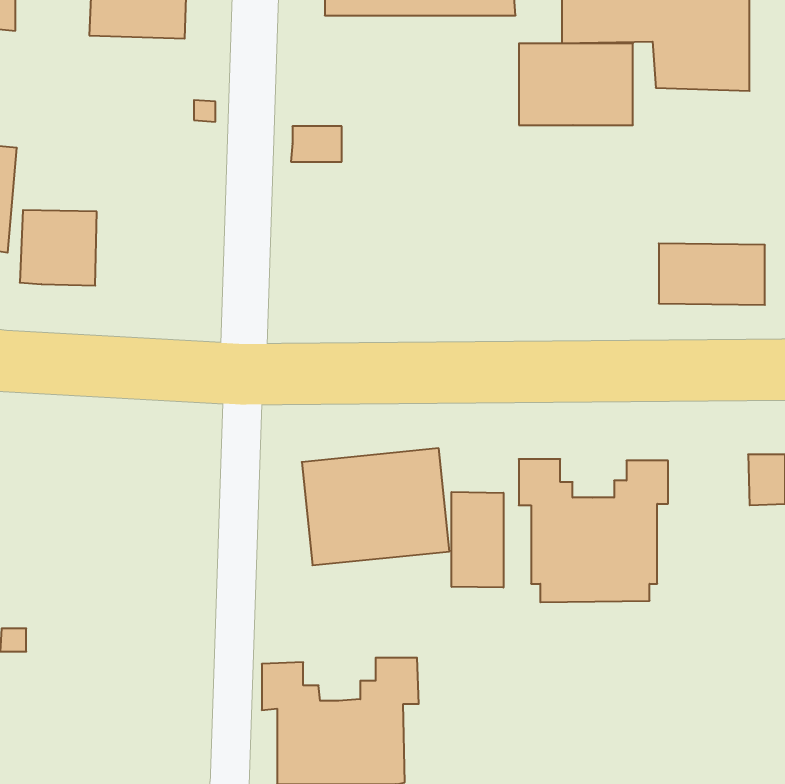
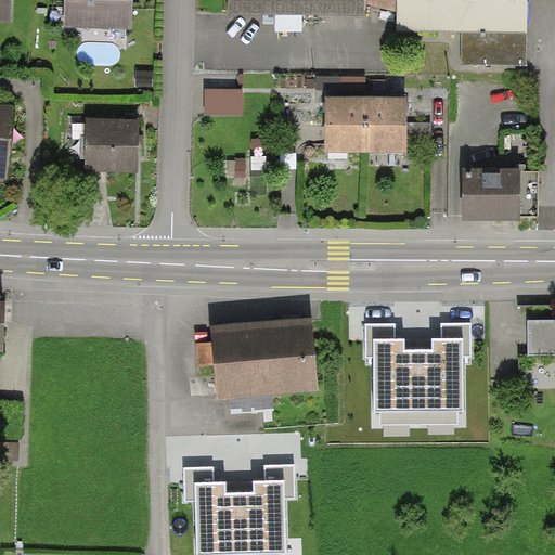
building: [519,43,633,125] -> [325,95,405,153]
building: [20,210,97,286] -> [82,117,137,170]
building: [452,492,503,588] -> none

